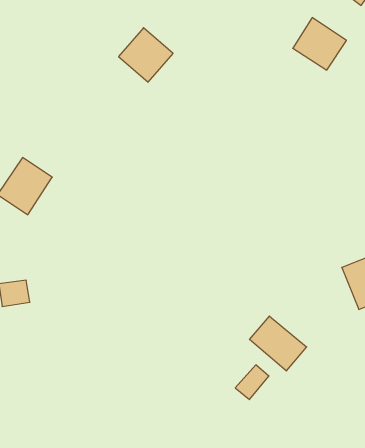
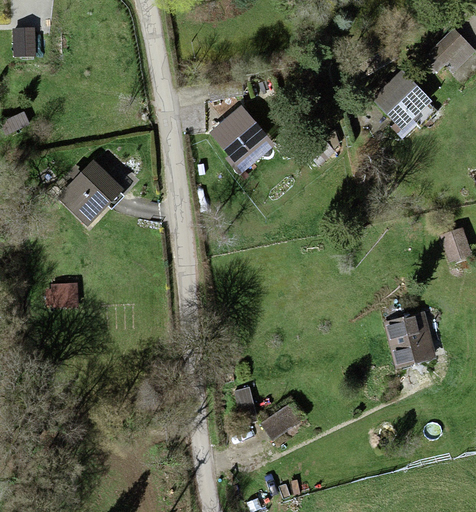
building: [119,28,173,82] -> [212,108,266,162]
building: [250,316,307,371] -> none

